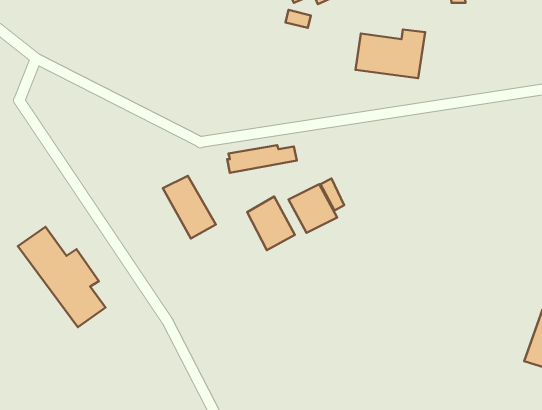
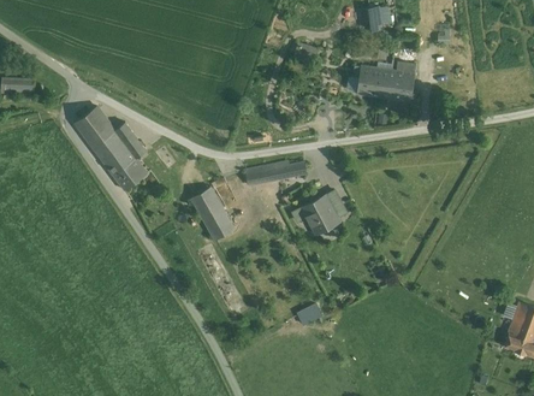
building: [247,197,295,250] -> none
building: [18,227,106,327] -> [73,106,149,193]

